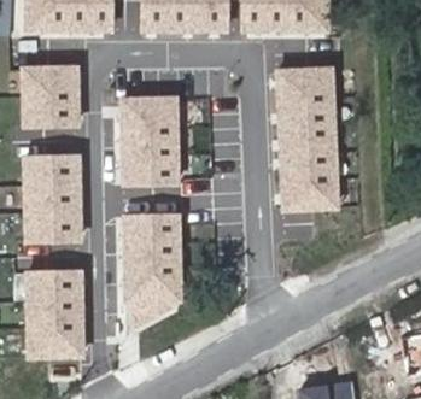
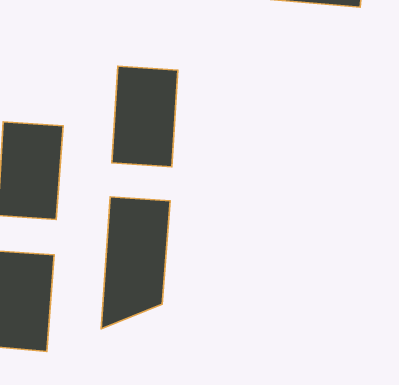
building: [281,66,340,207] -> none
building: [23,68,76,124] -> none

